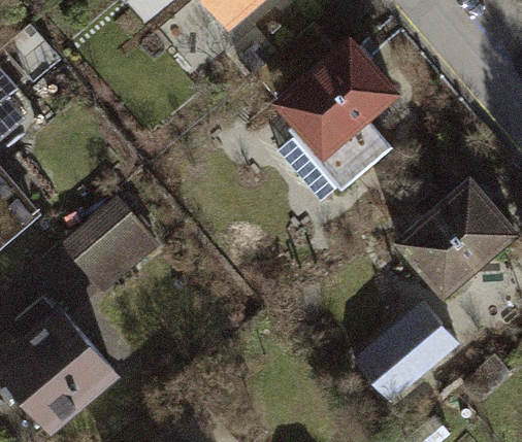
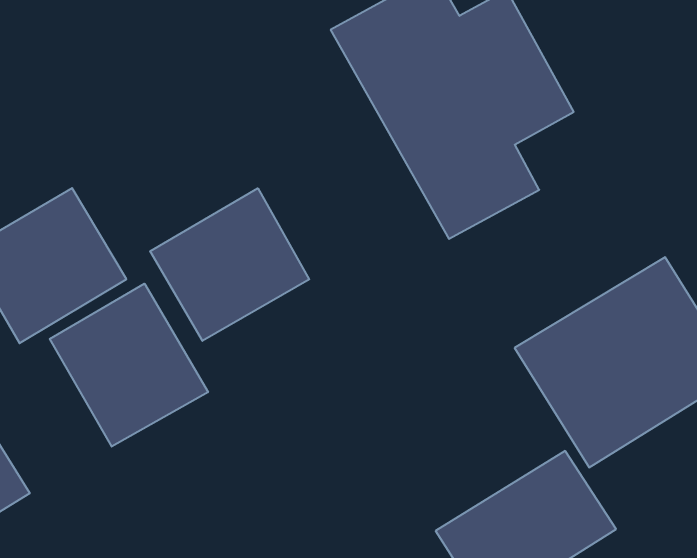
building: none -> [150,188,309,341]
building: none -> [50,284,208,447]

